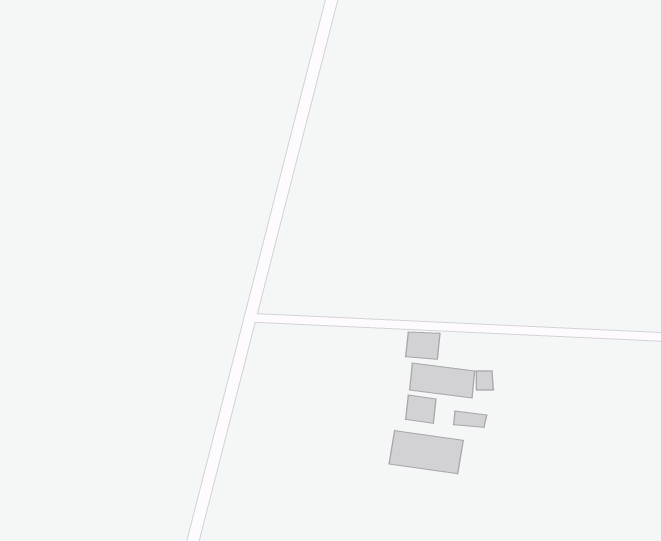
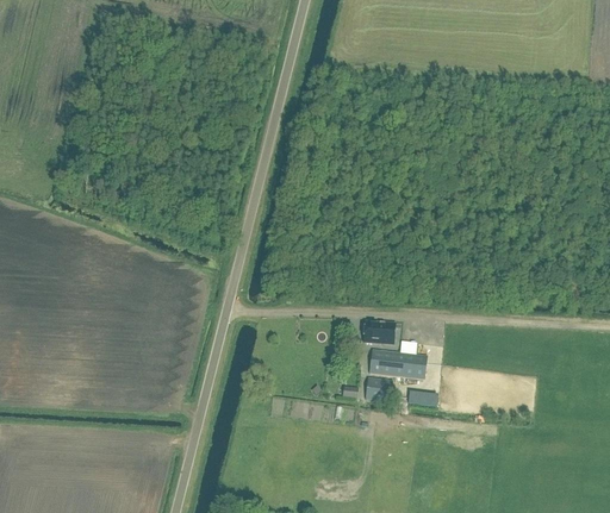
building: [389,430,463,474] -> none

